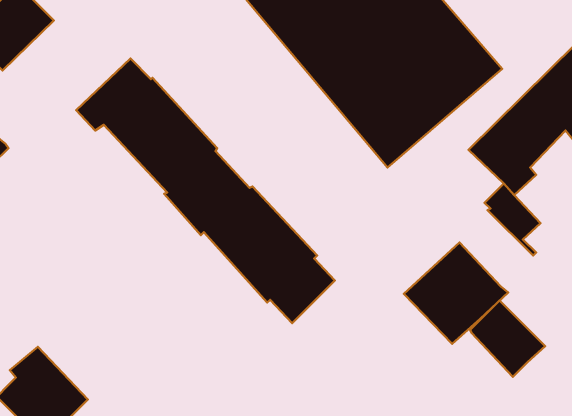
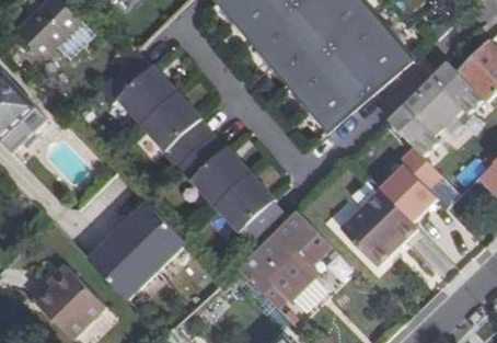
building: none -> [89,205,186,301]
building: none -> [239,211,330,306]
building: [470,300,545,377] -> [381,165,437,222]

